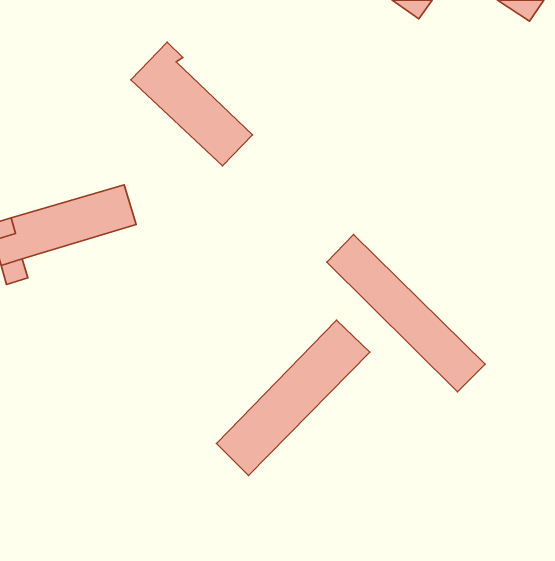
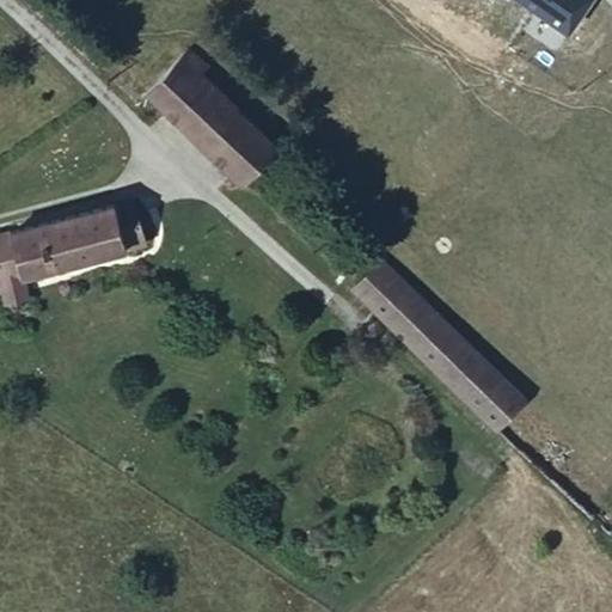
building: [217,320,370,475] -> none

